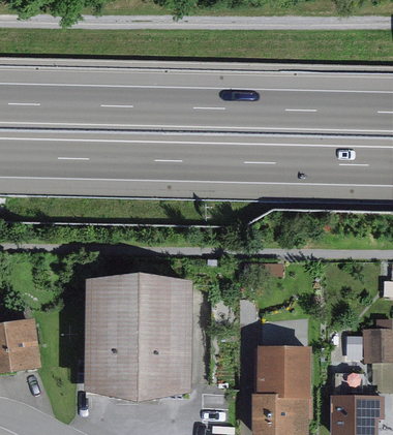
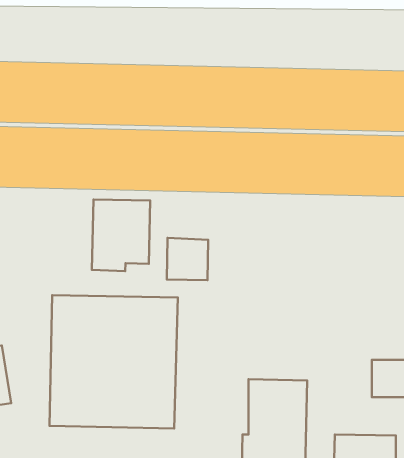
building: none -> [92,200,150,271]
building: none -> [167,238,208,280]

